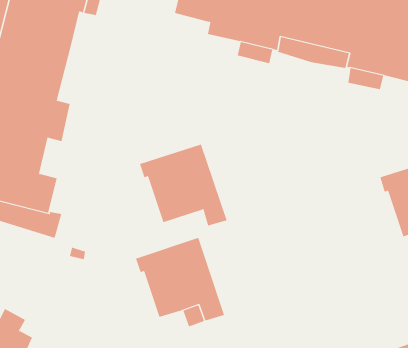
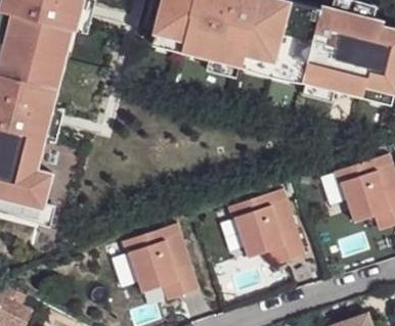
building: [139,144,228,226] -> [225,192,302,264]

